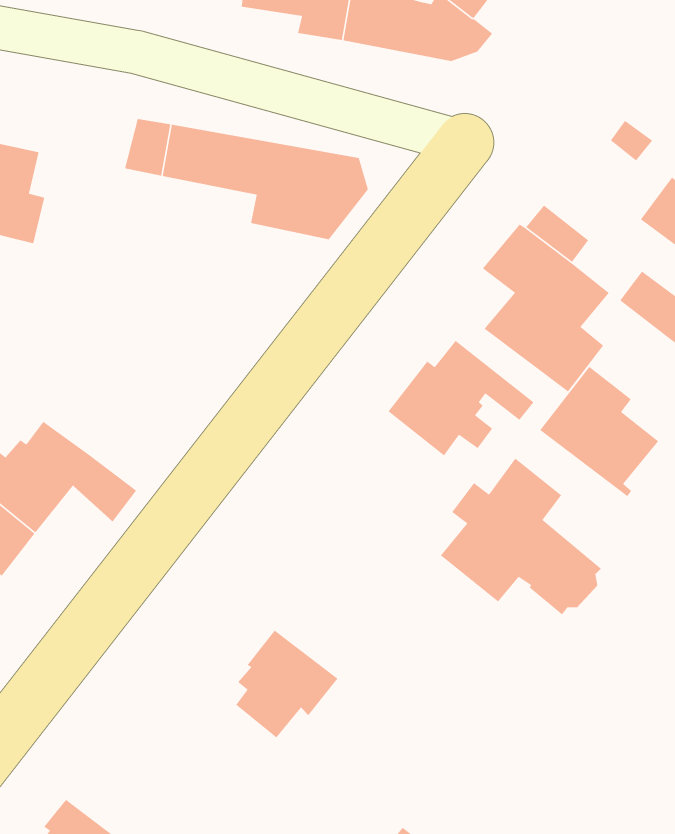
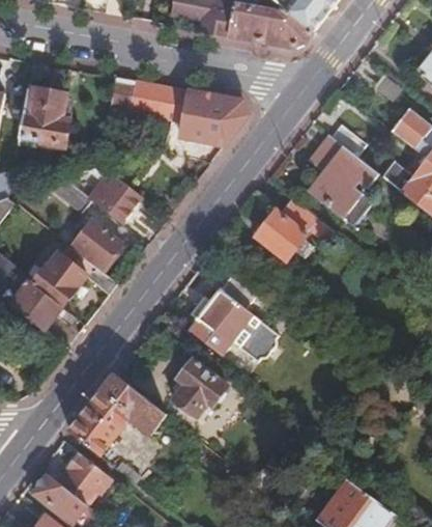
building: none -> [91,169,148,225]
building: none -> [56,206,113,262]
building: [539,366,659,497] -> none
building: [440,458,602,616] -> [189,276,278,363]
building: none -> [68,375,166,456]

